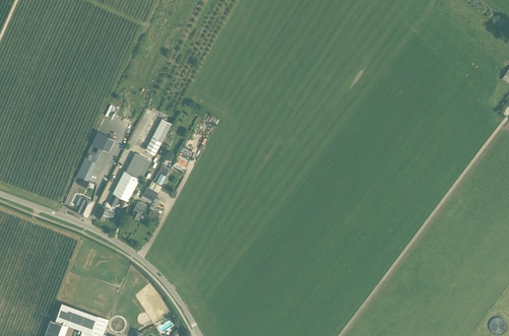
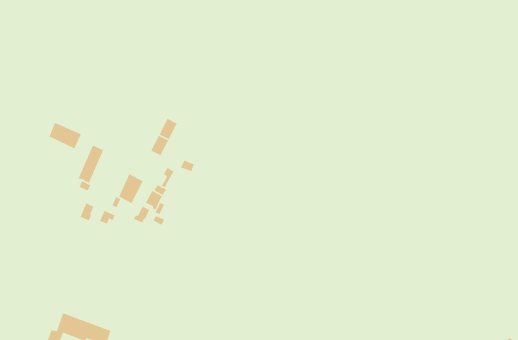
building: none -> [48,122,82,150]
building: [124,154,149,181] -> none

